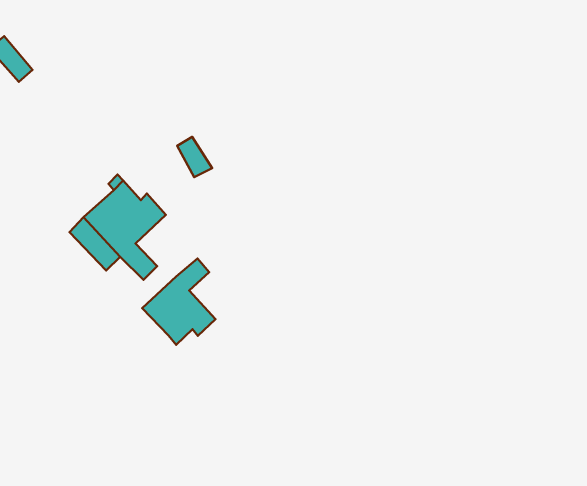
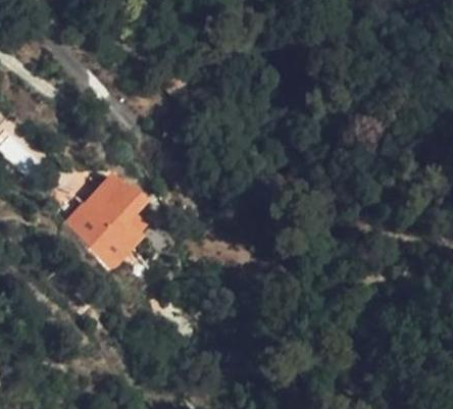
building: [142,259,215,345] -> none

